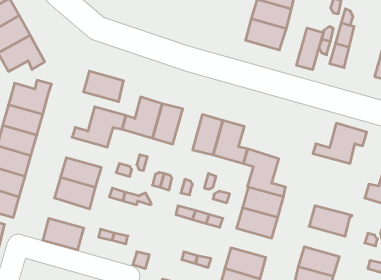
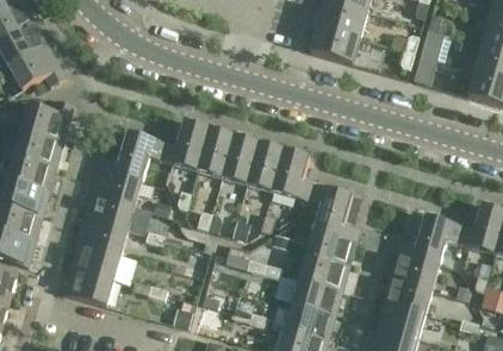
building: [297,28,323,70] -> none
building: [83,71,124,102] -> [92,168,141,205]
building: none -> [222,133,257,183]
building: [313,123,367,163] -> [395,214,460,263]
building: none -> [70,242,120,278]
building: none -> [381,276,431,313]
building: none -> [292,278,342,314]

